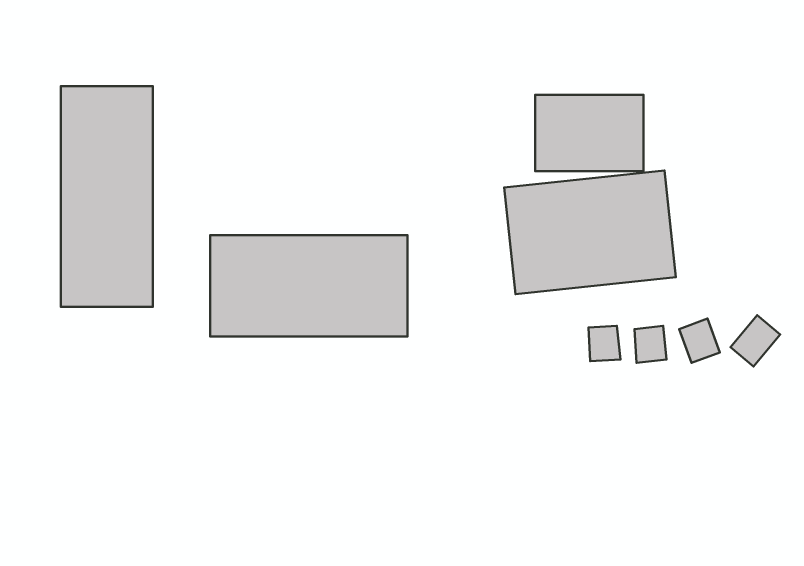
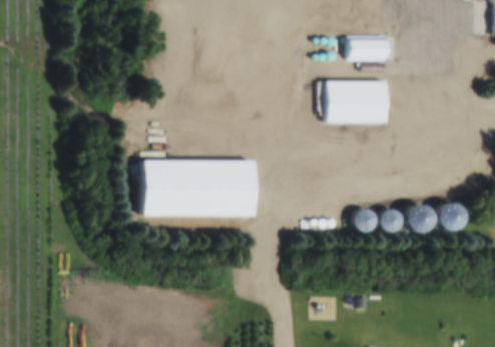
building: none -> [349,40,388,59]
building: [61,86,153,307] -> none
building: [504,171,676,294] -> none

